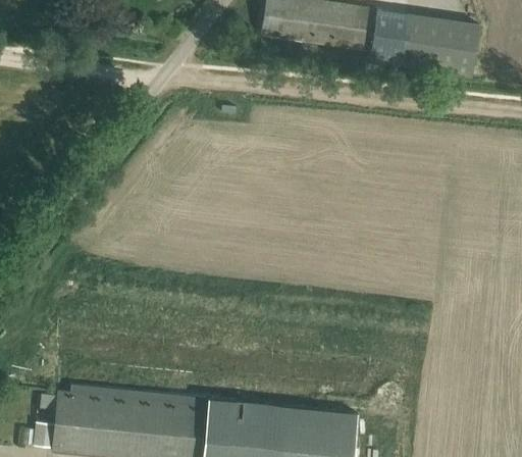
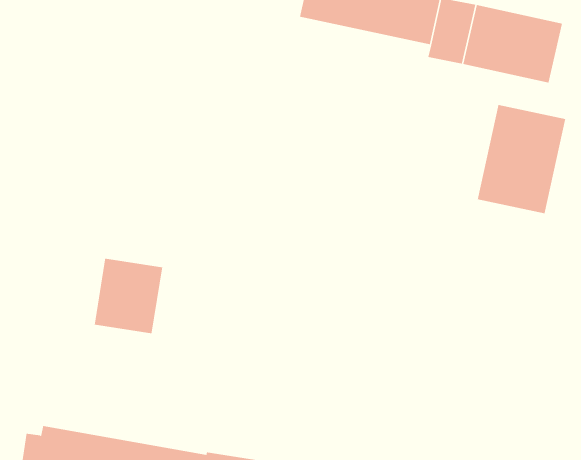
building: none -> [477,104,566,214]
building: none -> [94,258,163,334]

